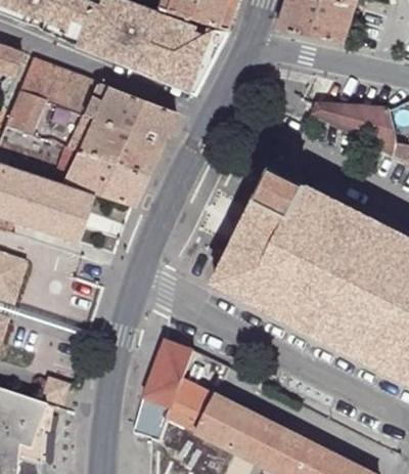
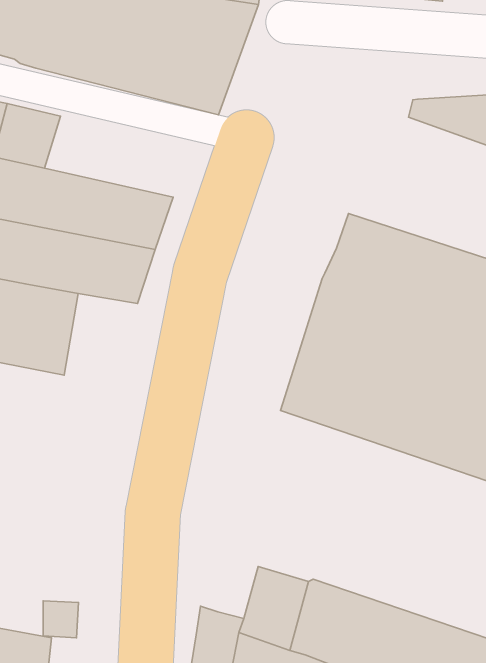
building: [84,83,175,142] -> none
building: [143,340,192,407] -> none

